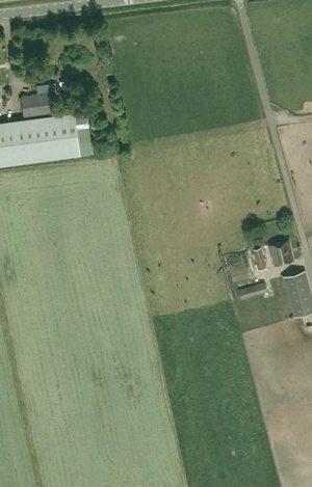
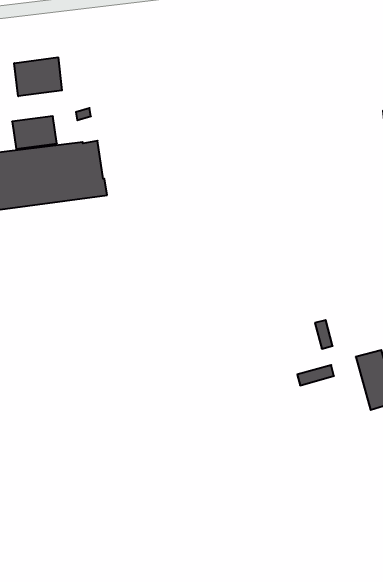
building: none -> [14,57,62,96]
building: [268,242,292,266] -> none

